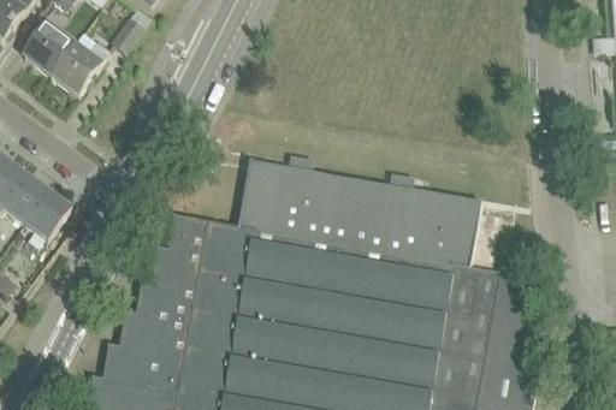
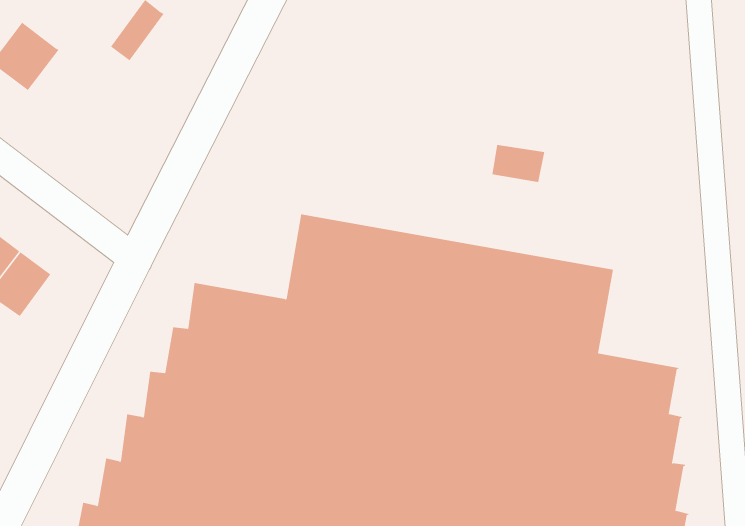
building: [51,26,107,91] -> none
building: none -> [492,144,545,183]

